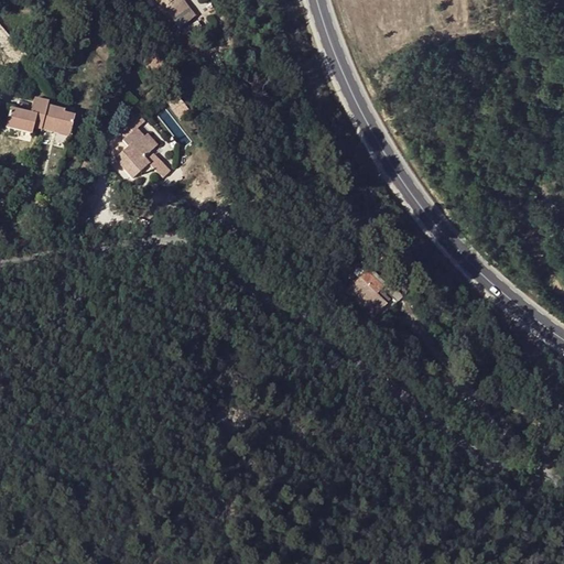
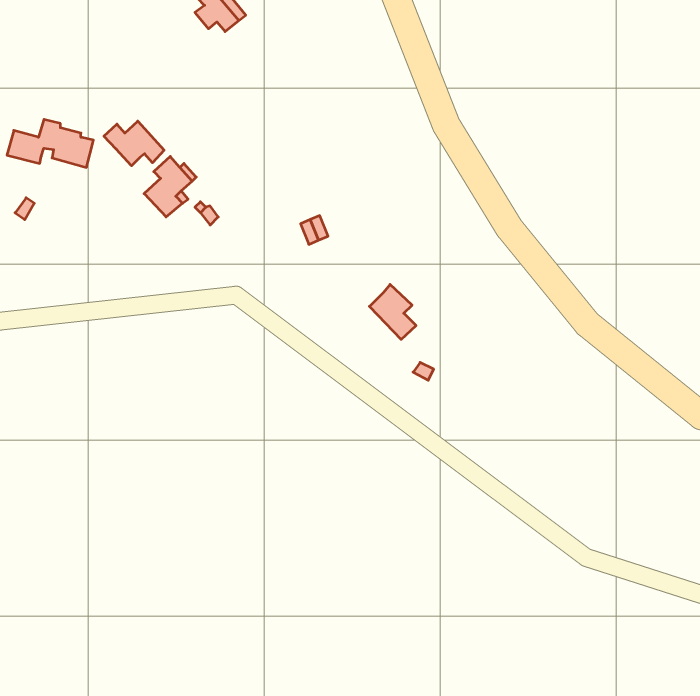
building: none -> [104,121,164,166]
building: [350,269,388,313] -> [369,284,416,339]

